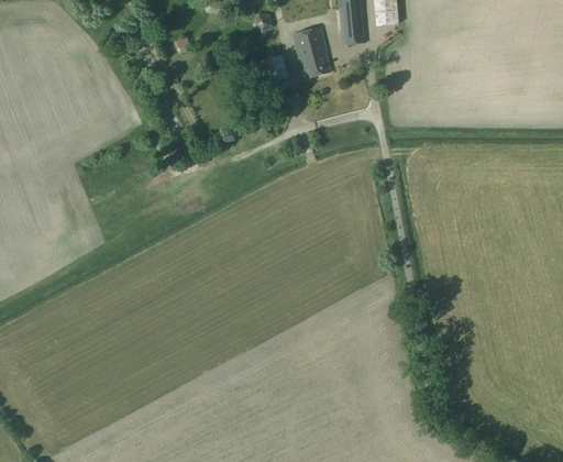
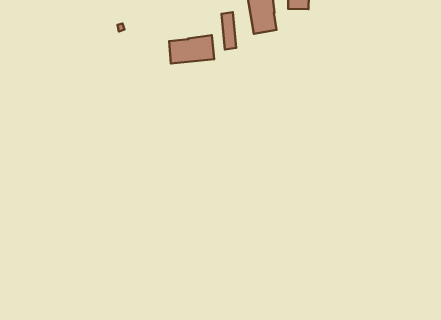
building: none -> [169,35,214,63]

